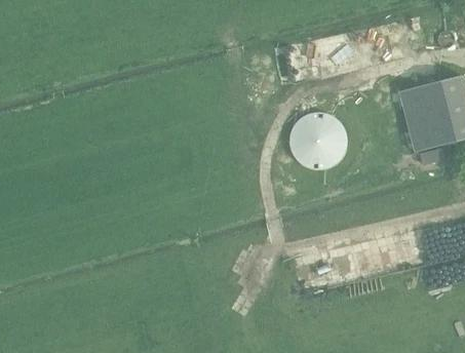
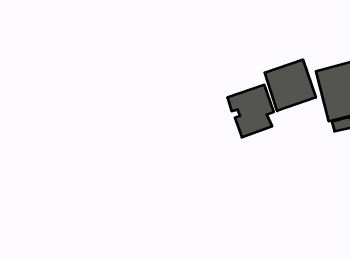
building: none -> [265,60,316,111]

